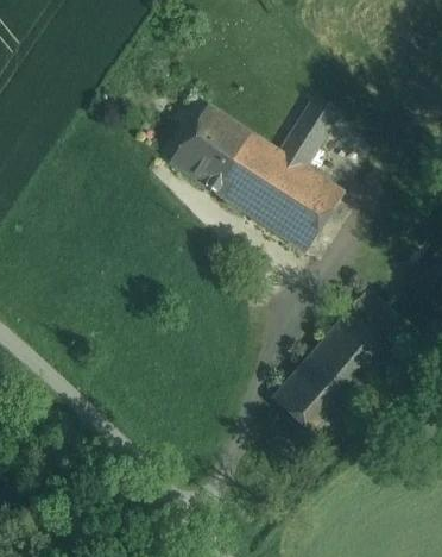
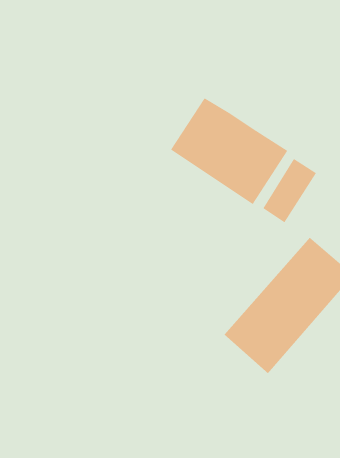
building: [279,94,340,167] -> [263,158,317,223]
building: [169,104,250,190] -> none

